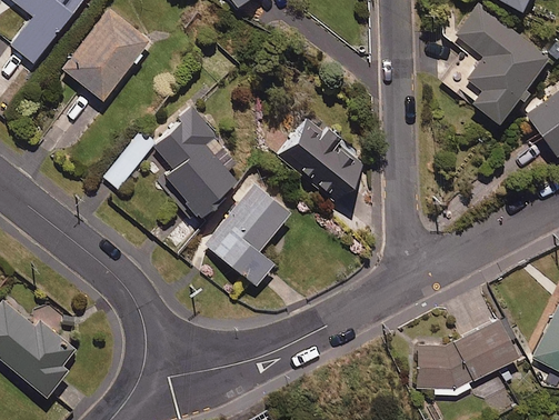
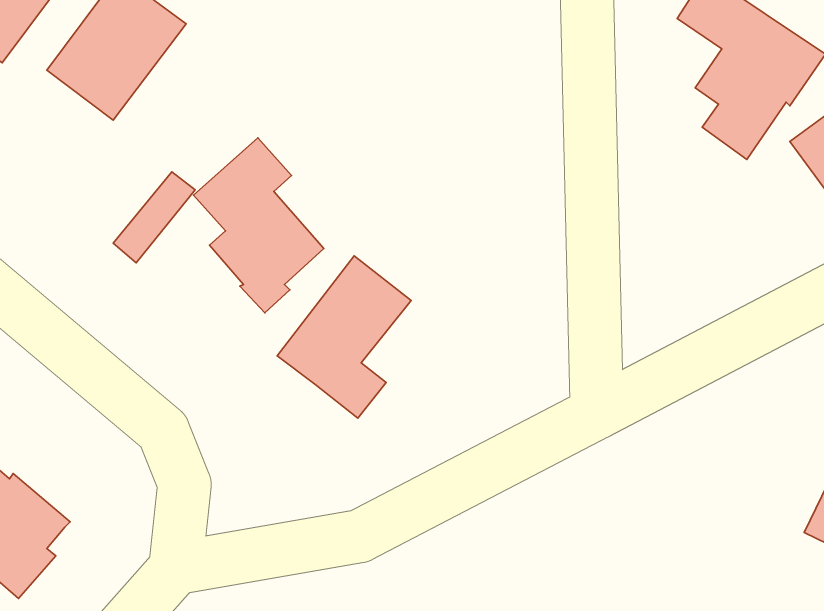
building: [280,117,369,202] -> none
building: [416,318,519,396] -> none

